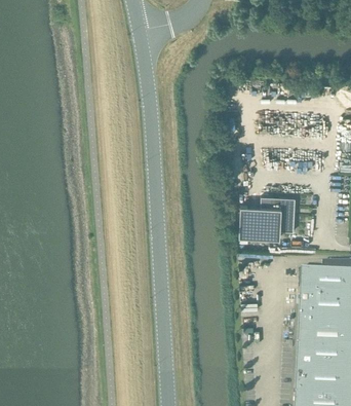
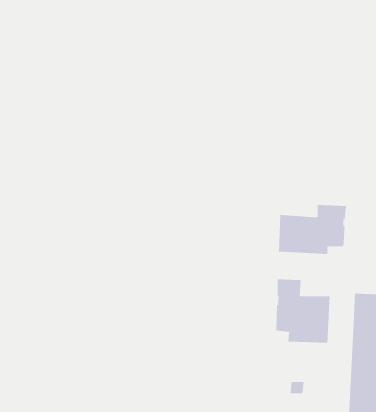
building: none -> [276,278,330,343]

